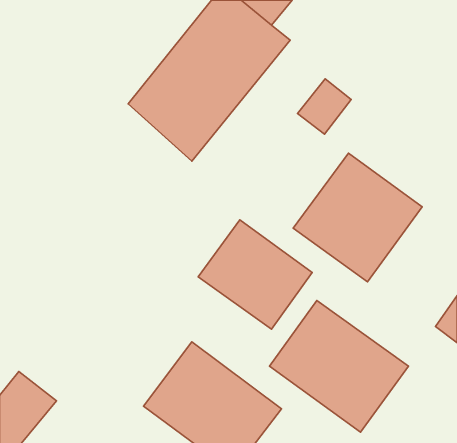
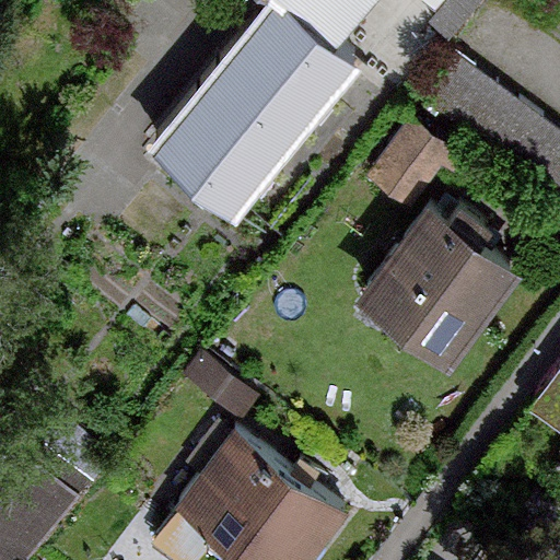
building: [198,220,312,329] -> none
building: [269,300,409,432] -> none

